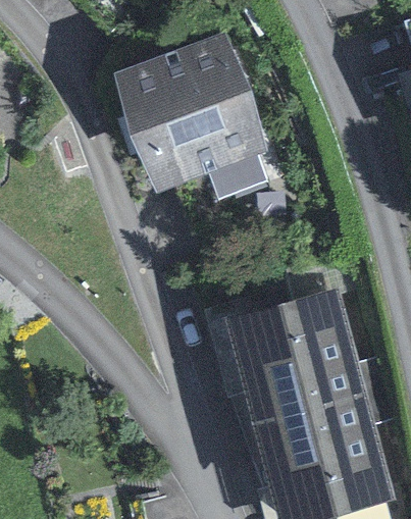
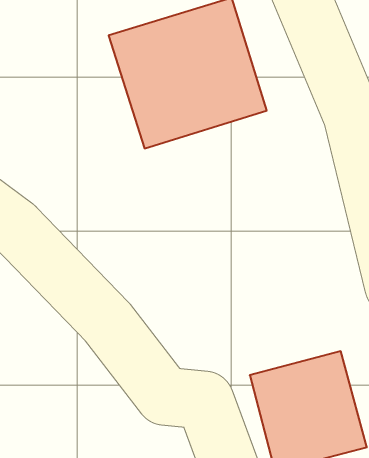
building: [230,299,349,421] -> none

